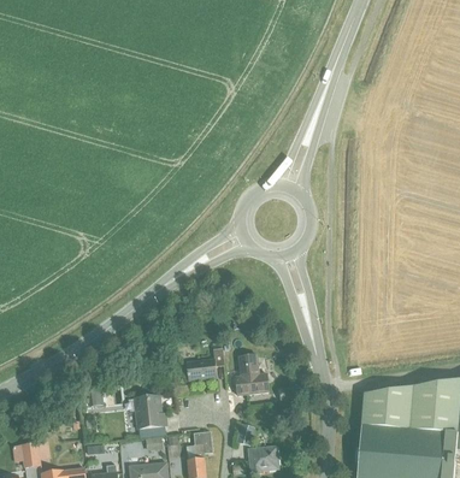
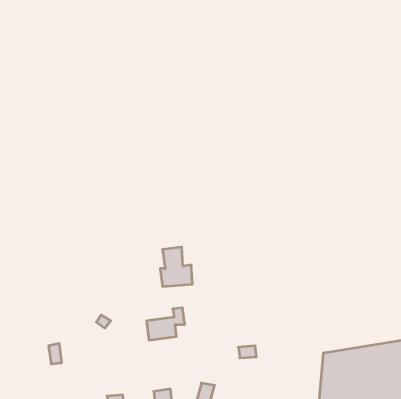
building: [235,354,267,394] -> [160,247,192,286]
building: [128,394,165,429] -> none

